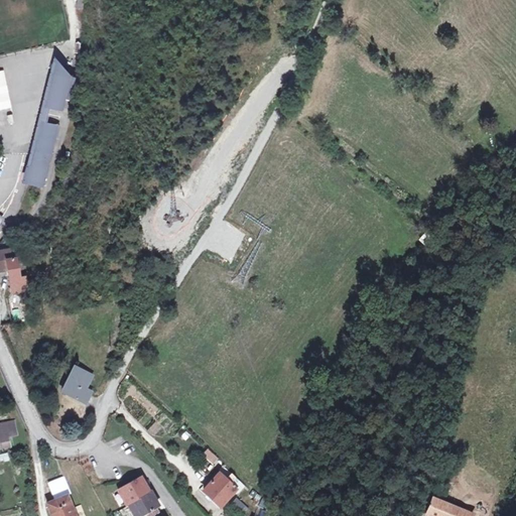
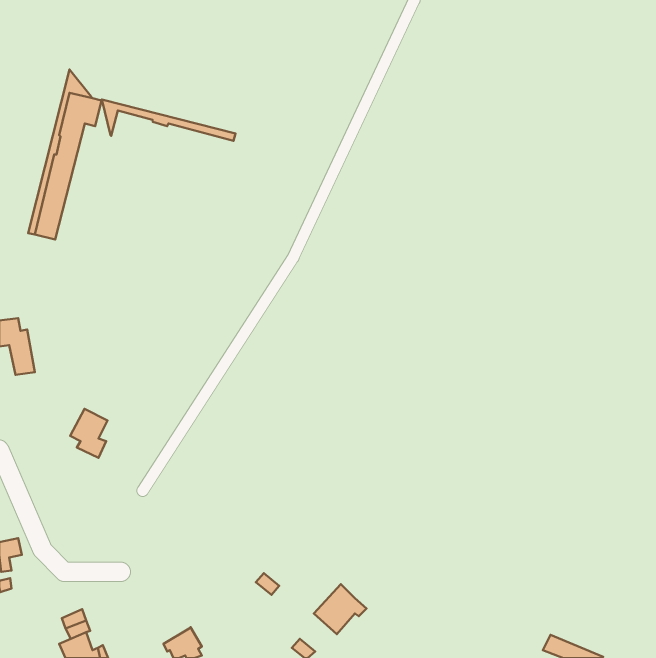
building: none -> [102,100,236,141]
building: [62,366,92,404] -> [70,409,108,458]
building: [203,468,244,507] -> [314,584,367,634]
building: [119,477,148,504] -> none

